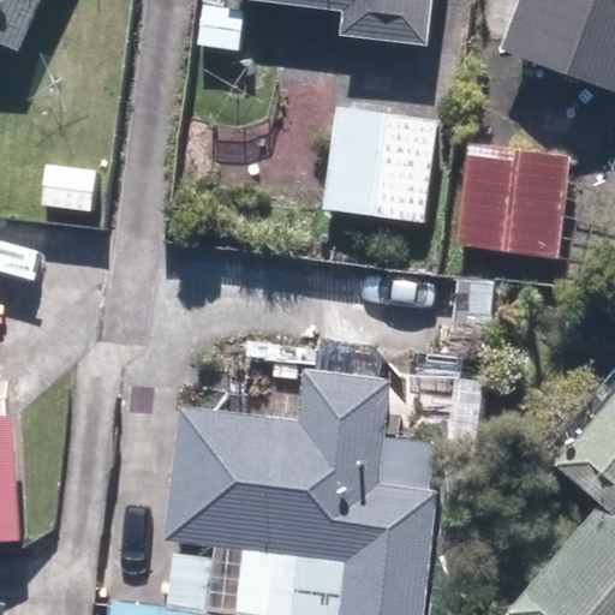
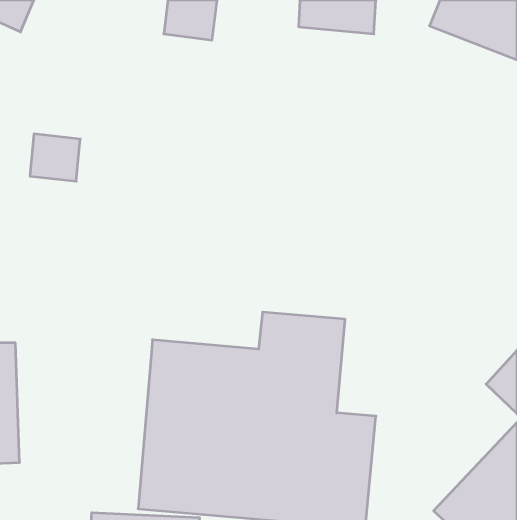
building: [324,97,442,225] -> none
building: [450,141,566,259] -> none

